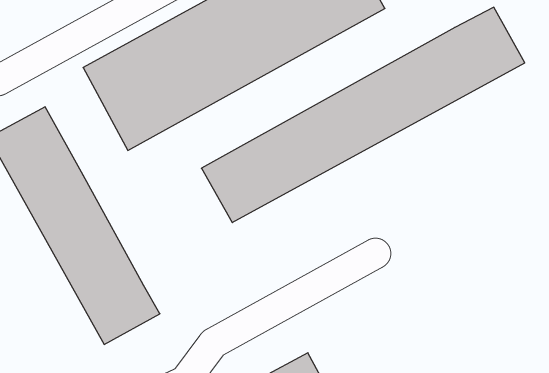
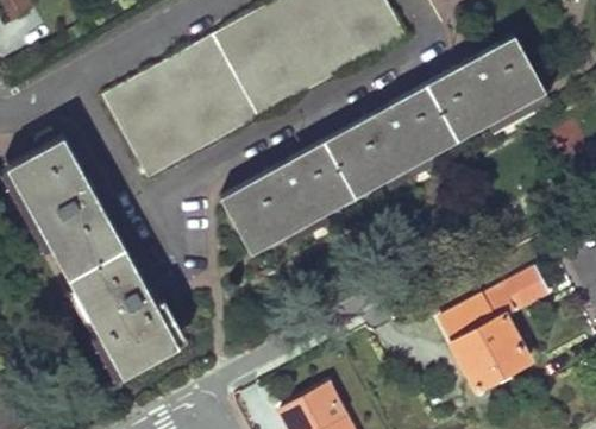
building: none -> [440,269,548,391]

